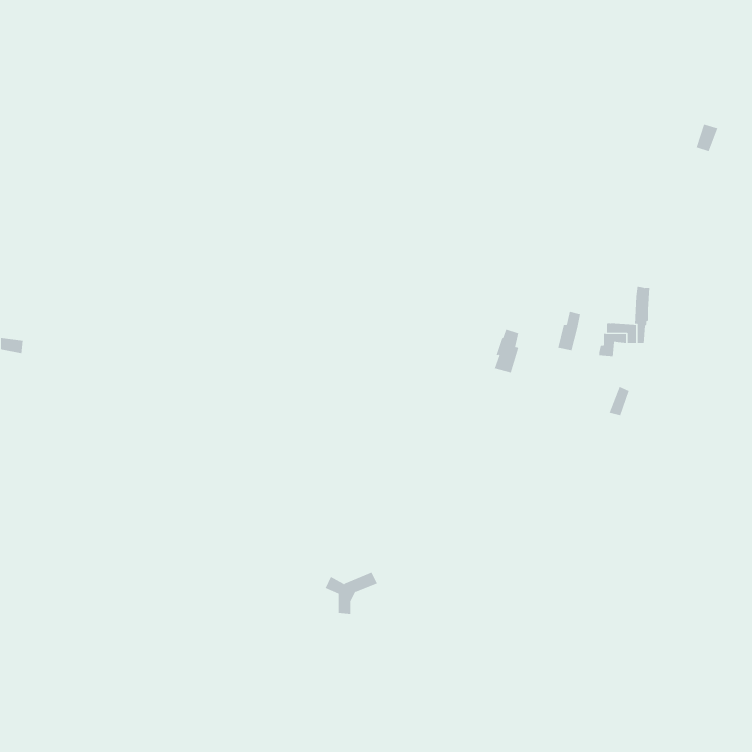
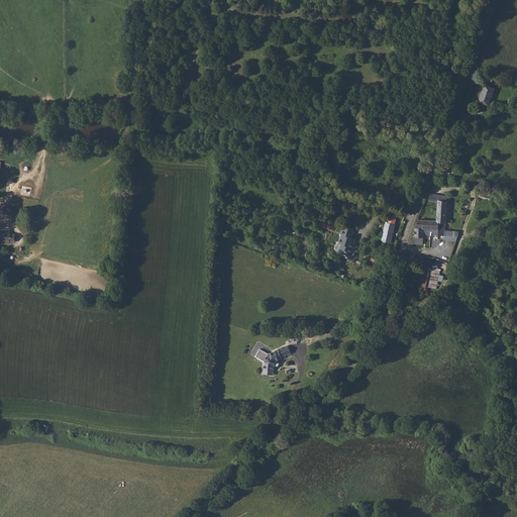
building: [325,572,378,615] -> [256,346,293,376]

